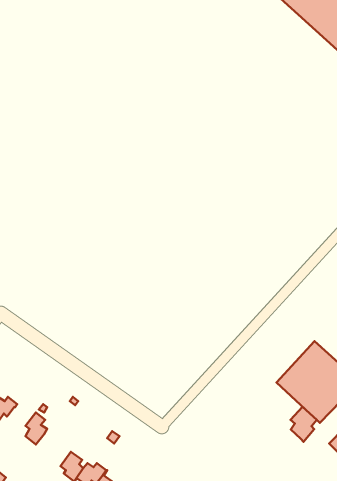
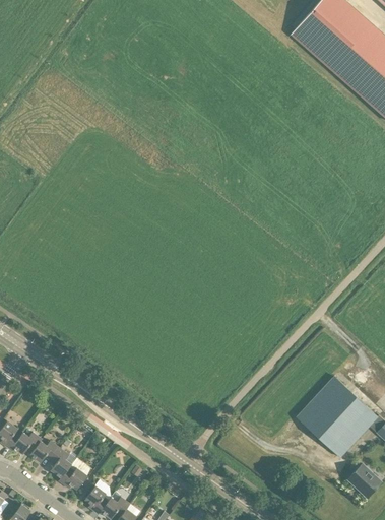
building: none -> [28,439,59,463]
building: [291,407,317,442] -> none
building: none -> [57,457,90,490]

